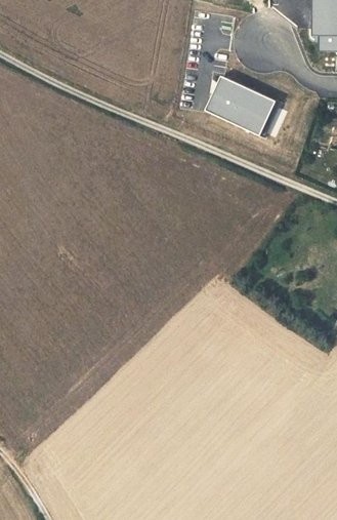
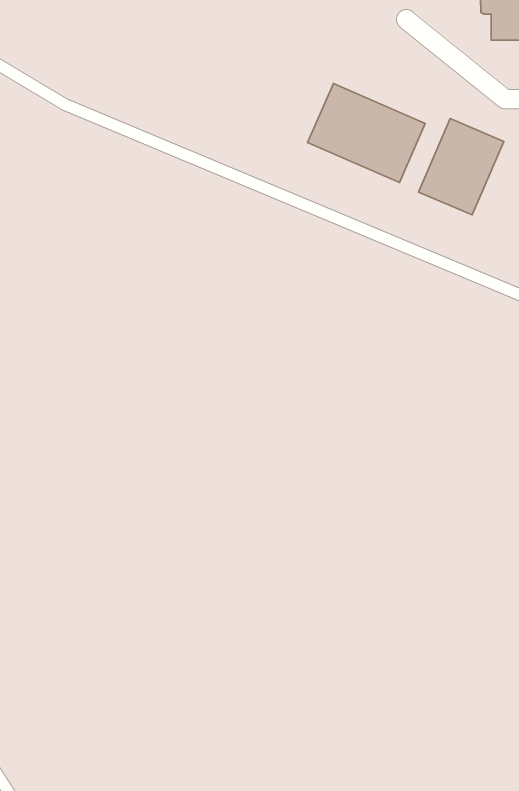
building: none -> [418,118,504,215]

